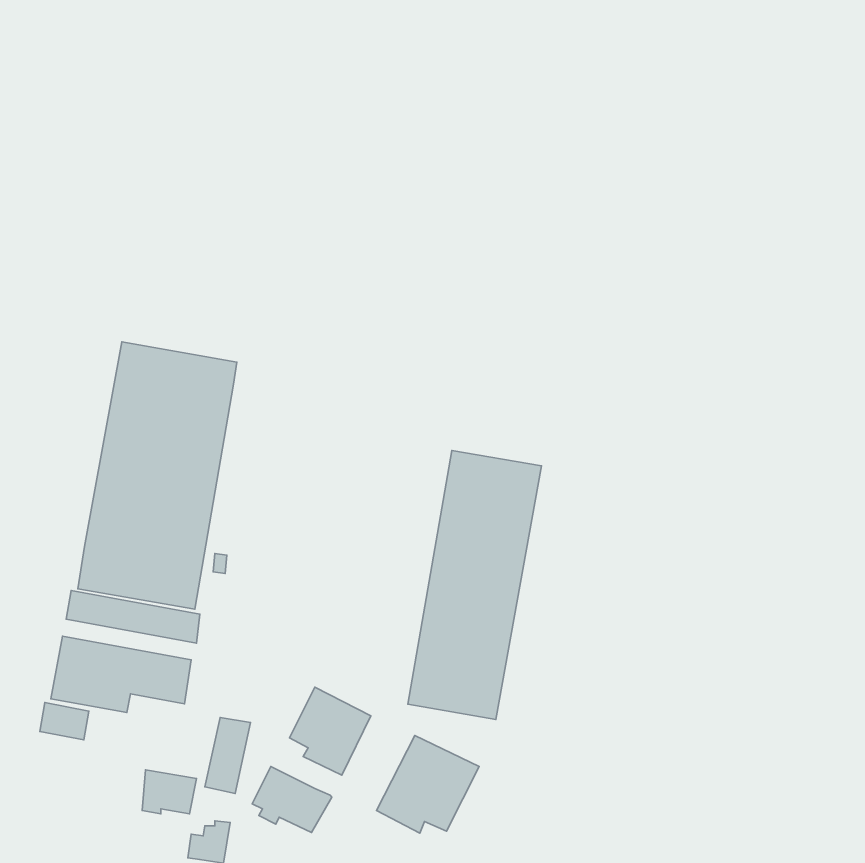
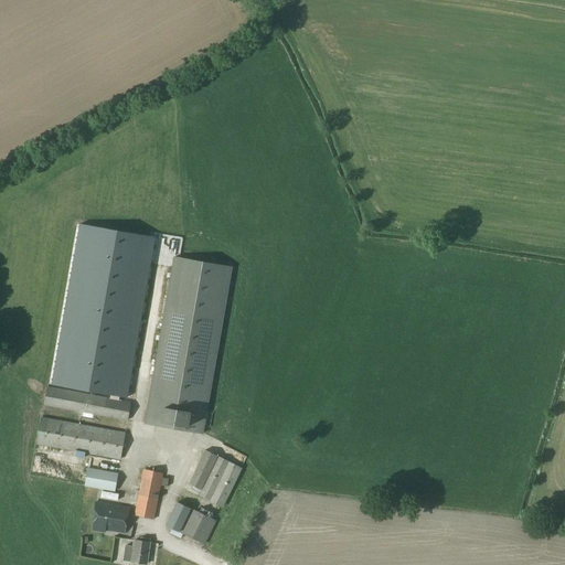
building: [408,450,542,720] -> [145,256,232,431]
building: [40,703,89,740] -> [84,466,116,490]
building: [376,735,479,833] -> none

